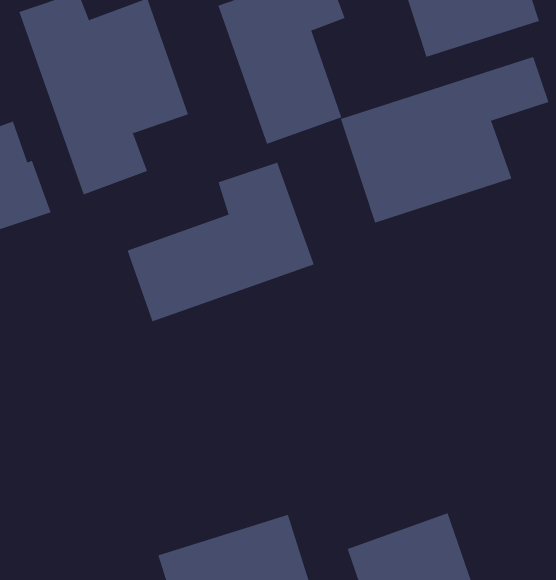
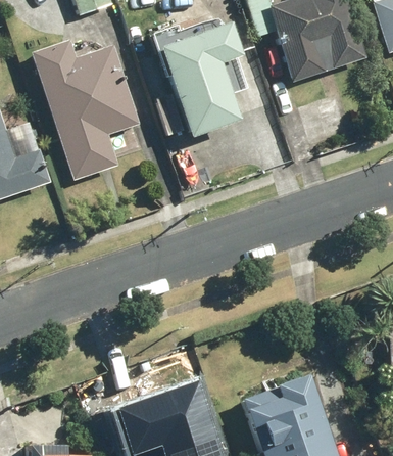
building: [340,56,549,224] -> none
building: [127,162,314,322] -> none

